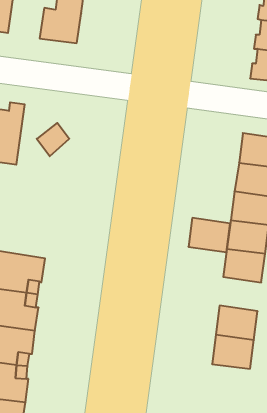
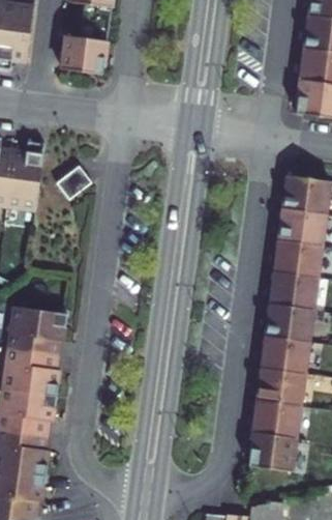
building: [188,218,230,252] -> [261,336,307,374]
building: none -> [247,433,295,471]

